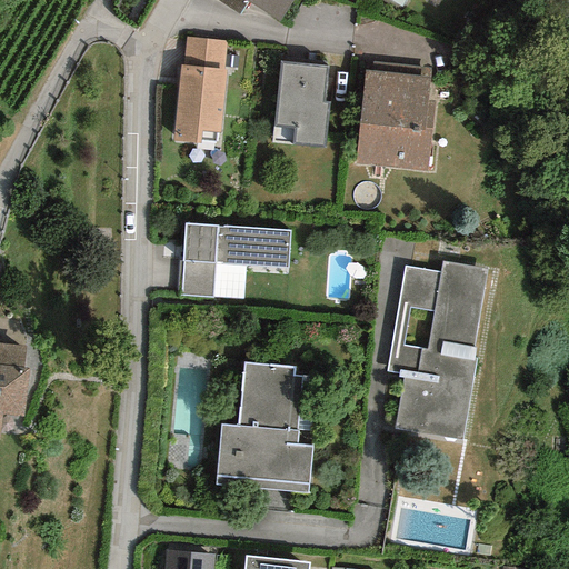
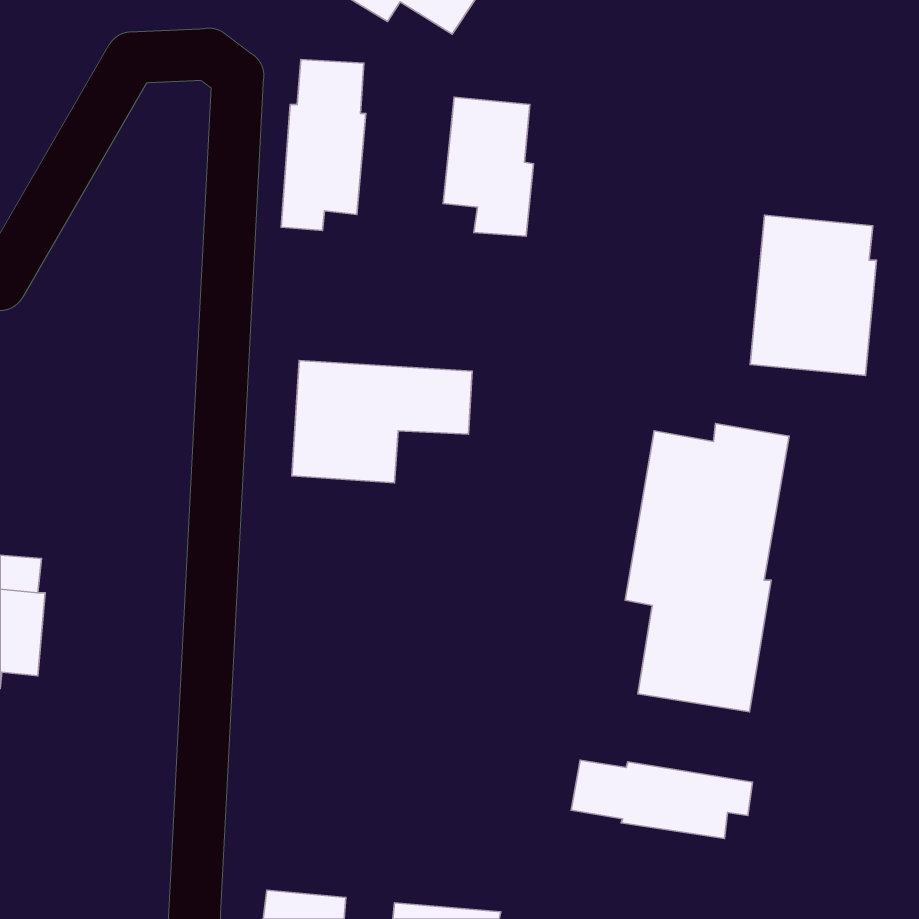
building: [356,71,433,170] -> [750,215,876,375]
building: [217,362,312,491] -> none
building: none -> [571,760,753,839]

